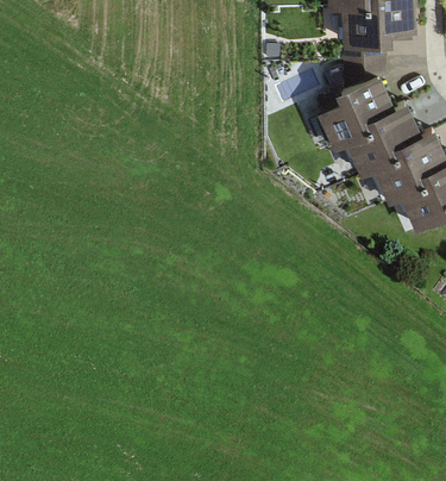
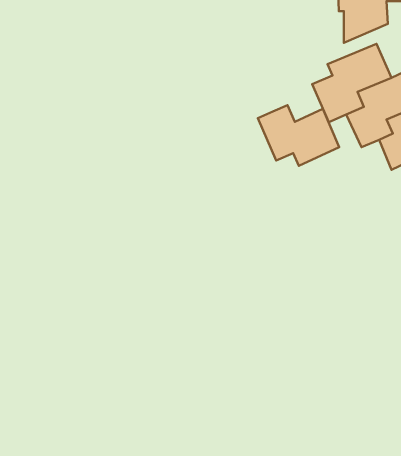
building: none -> [258,105,339,166]

